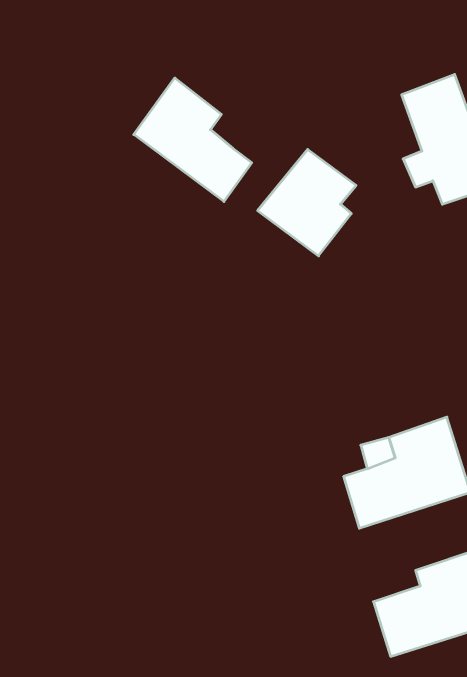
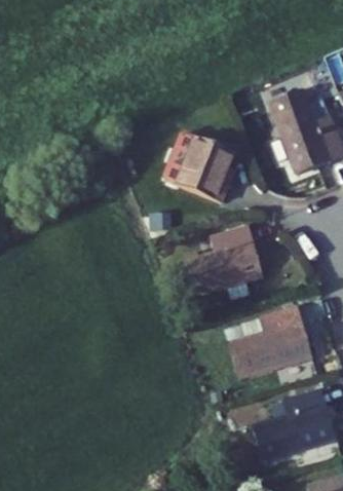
building: [134,78,252,202] -> none
building: none -> [184,218,267,289]

